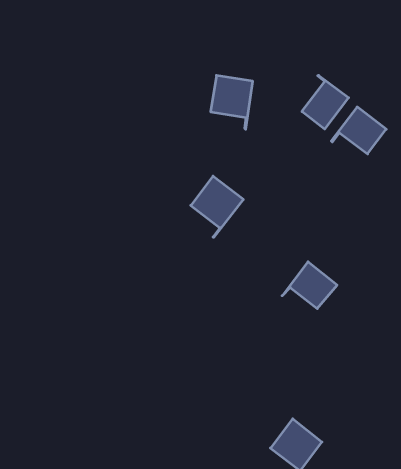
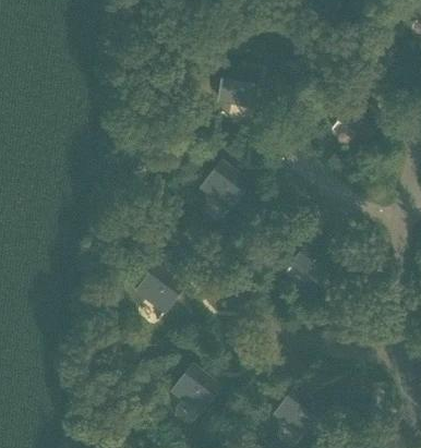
building: [302,75,349,129] -> none
building: none -> [133,268,181,325]
building: none -> [169,368,217,425]

